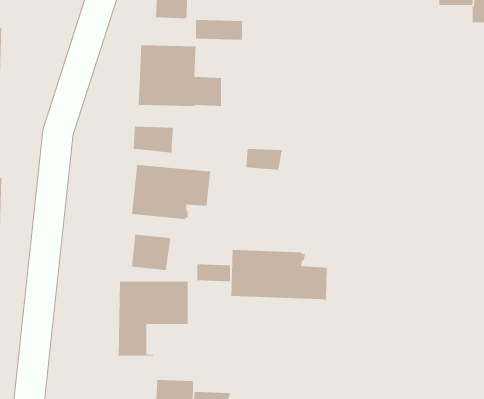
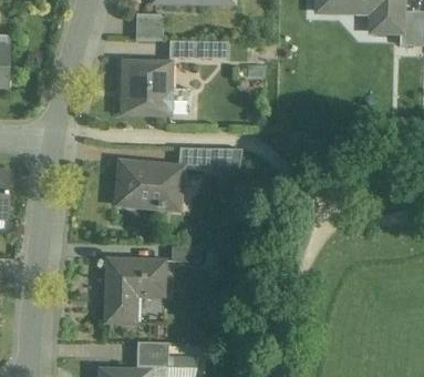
building: [133,126,174,154] -> [178,147,213,171]
building: [131,234,171,271] -> none
building: [231,249,328,301] -> none

